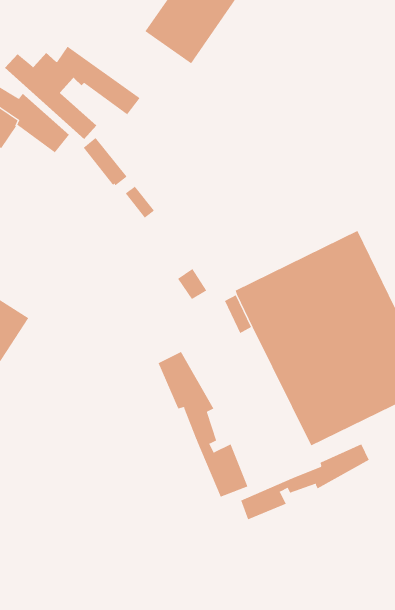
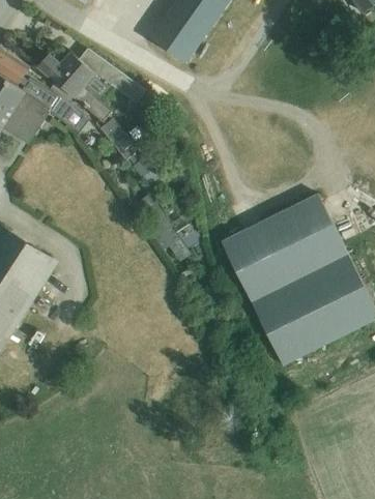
building: [158,351,248,498] -> none
building: [241,444,370,520] -> none

